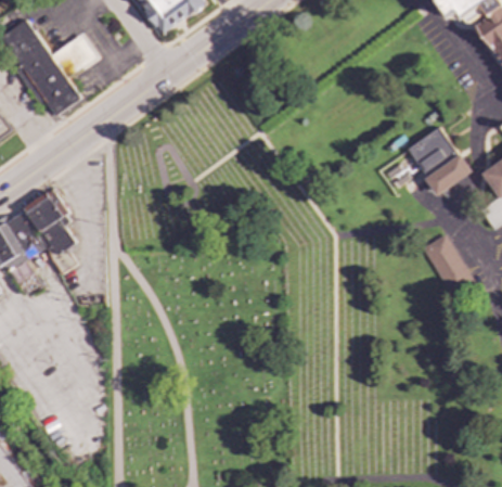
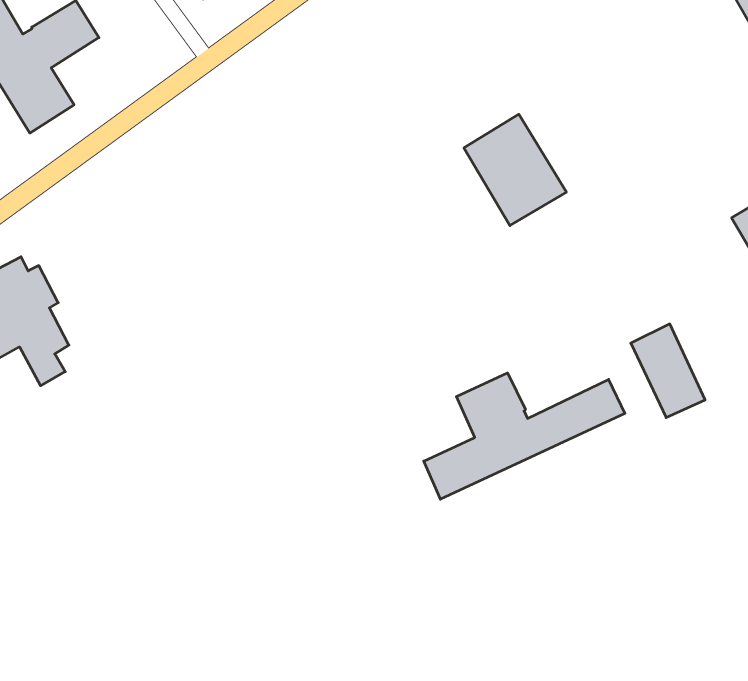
building: [404,125,467,193] -> [464,114,566,226]
building: none -> [424,373,625,499]

